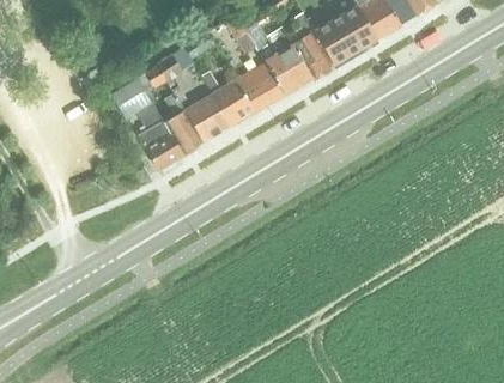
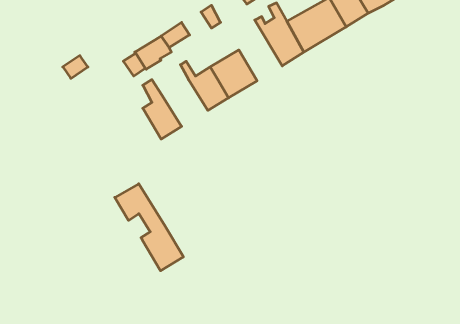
building: [247,22,310,95] -> none
building: [111,79,183,170] -> [115,184,183,271]
building: [184,93,232,142] -> none

